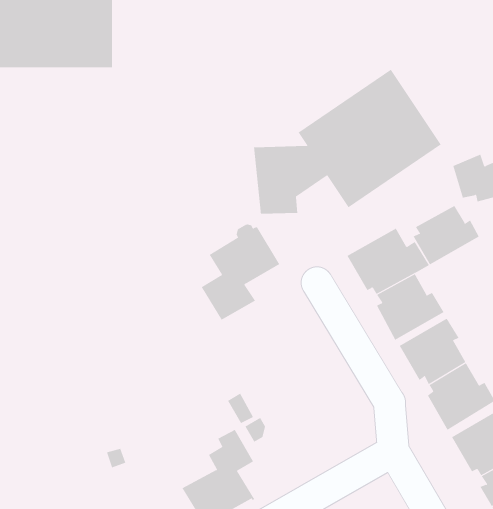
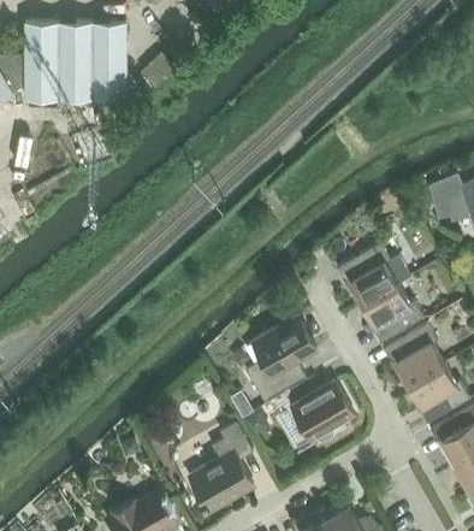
building: [254,69,441,215] -> none
building: [413,205,480,265] -> none
building: [201,224,280,321] -> [247,313,318,400]
building: none -> [291,380,355,442]

